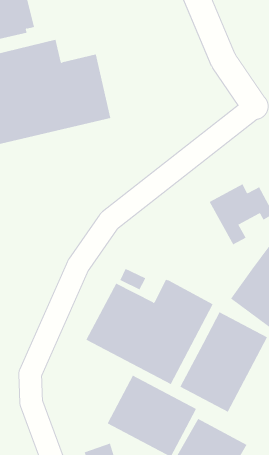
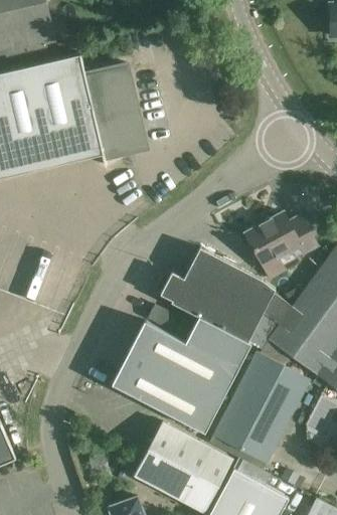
building: none -> [159,247,292,350]

